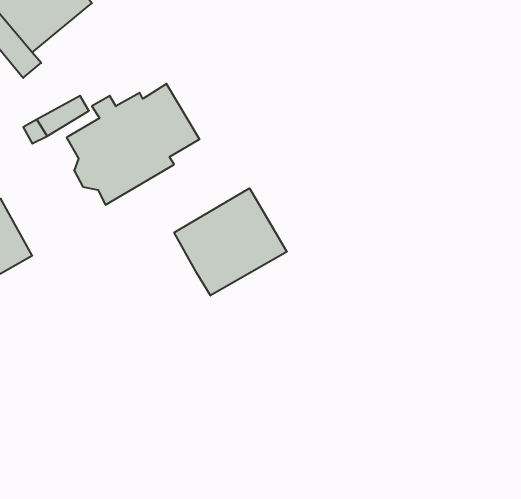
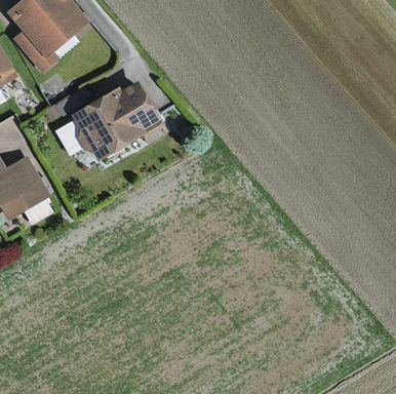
building: [174,188,287,296] -> none

